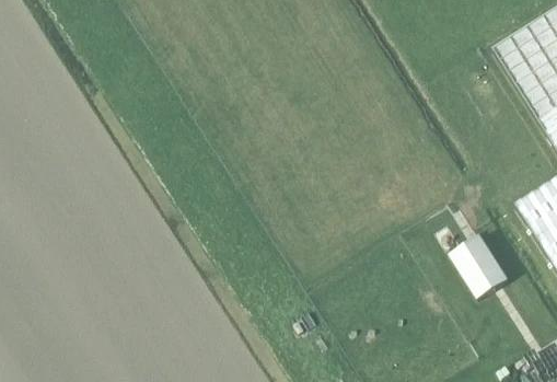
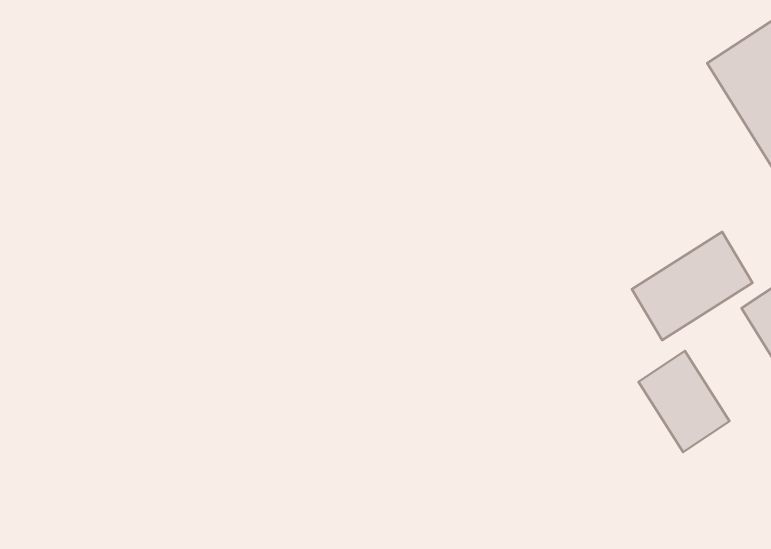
building: none -> [632,232,753,340]

